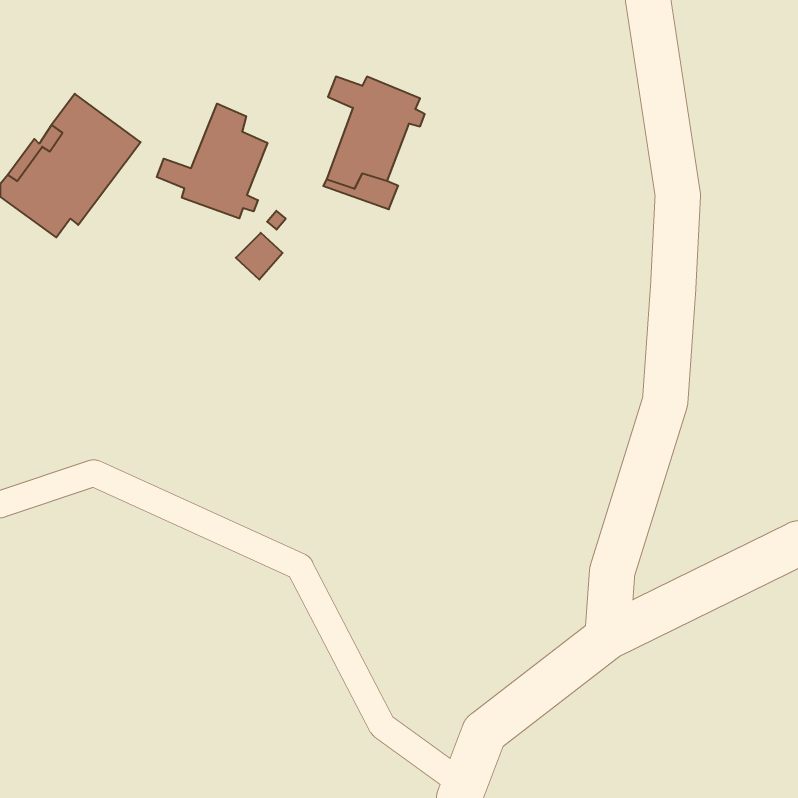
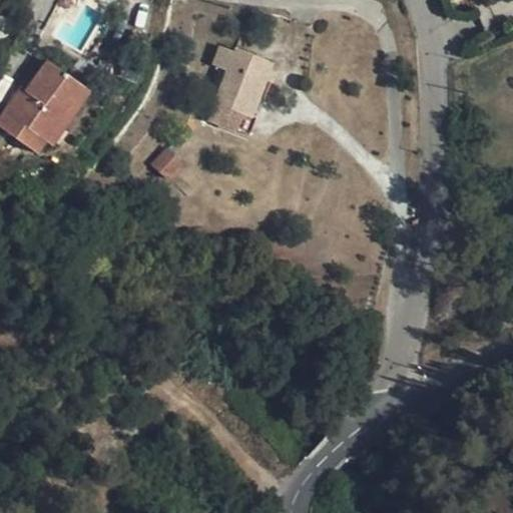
building: [157,104,267,218] -> none

